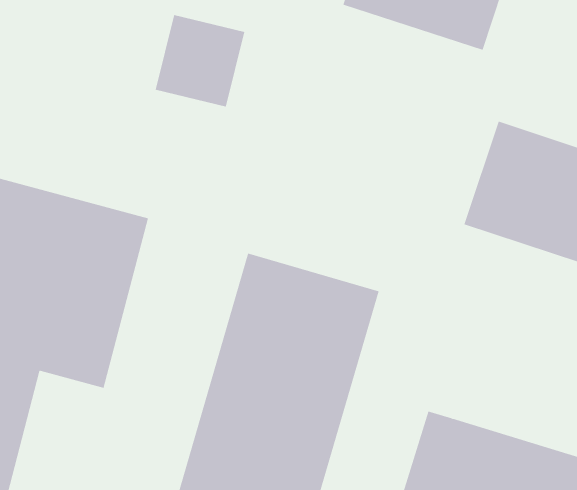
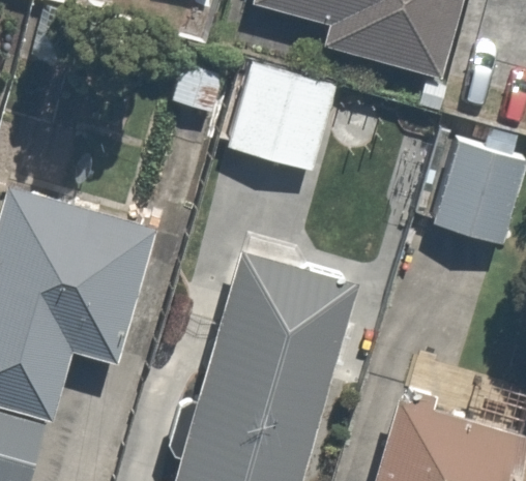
building: none -> [227,56,341,173]

